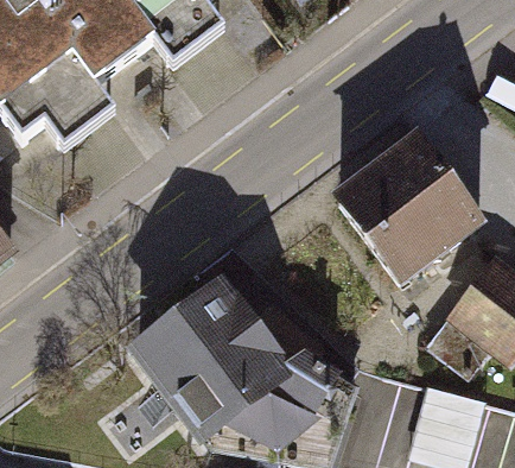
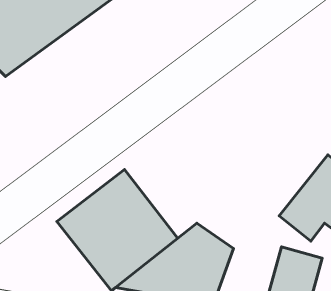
building: [318,120,476,276] -> none

